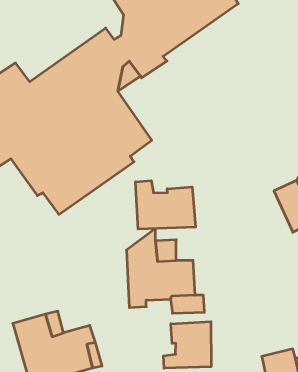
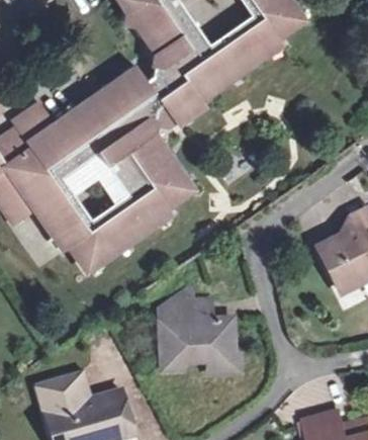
building: [136,181,196,229] -> none
building: [163,322,211,368] -> none

